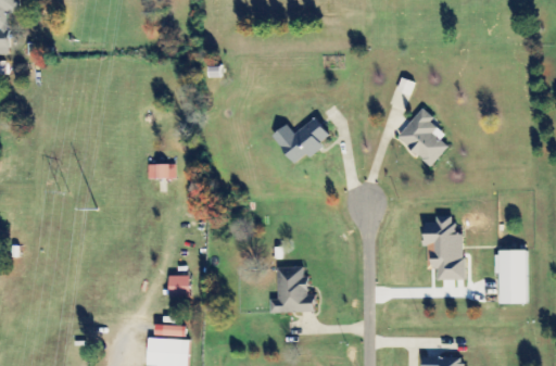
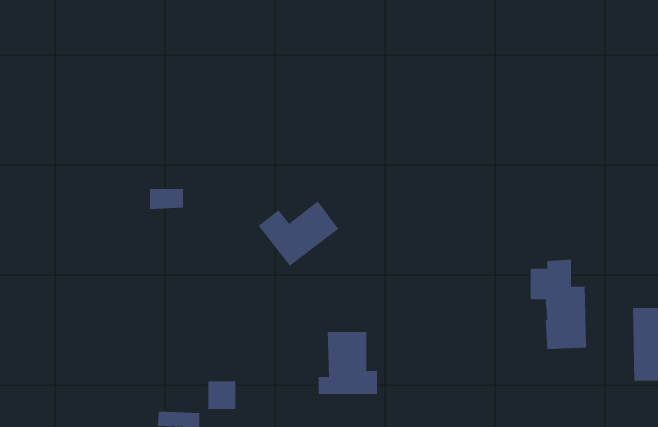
building: [396,108,447,165] -> none
building: [270,116,329,164] -> [258,200,339,267]
building: [167,275,188,295] -> [207,381,236,409]

